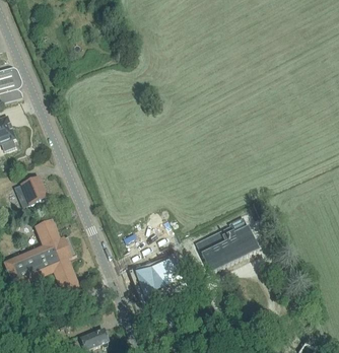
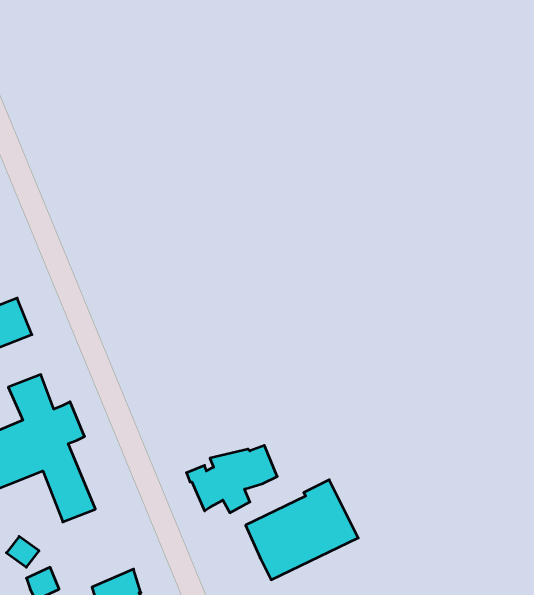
building: [196,216,259,272] -> [246,480,358,580]

